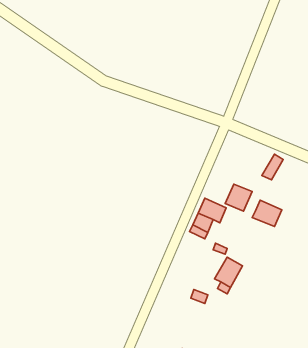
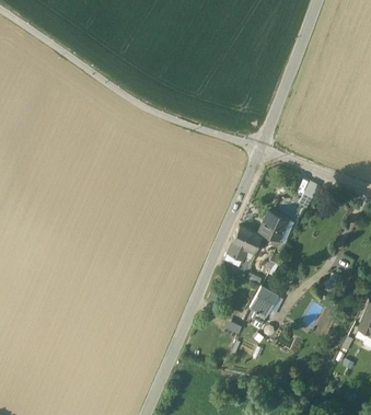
building: [252,200,282,226] -> none

